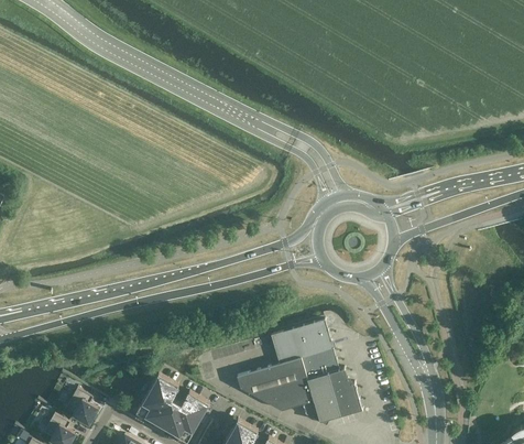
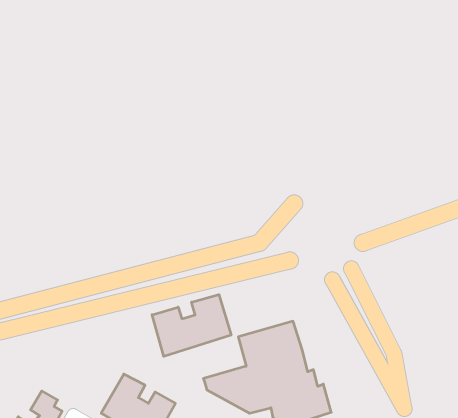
building: none -> [152,295,231,356]

